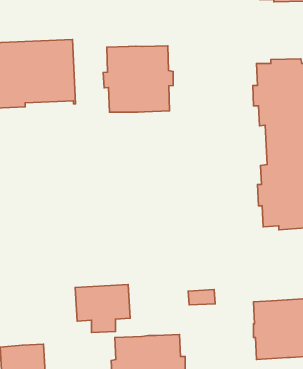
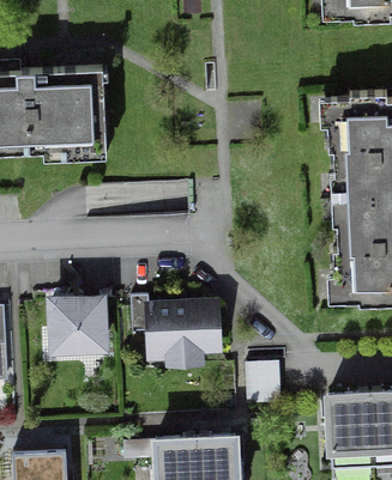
building: [103,46,173,112] -> none
building: none -> [52,298,103,350]
building: [75,285,130,333] -> [149,304,217,364]

